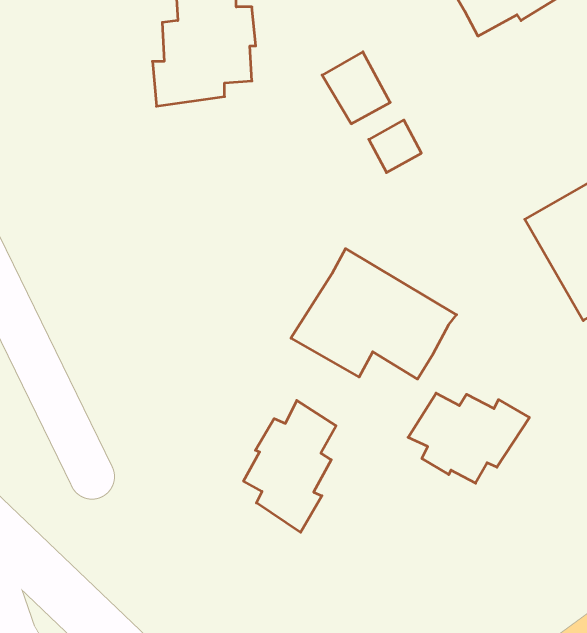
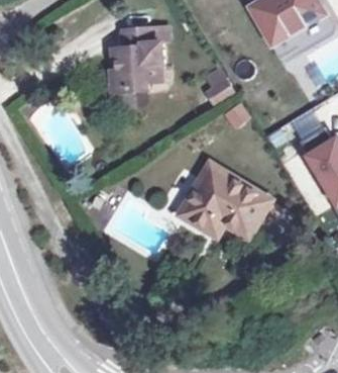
building: [408,393,529,483] -> none
building: [244,400,336,532] -> none

